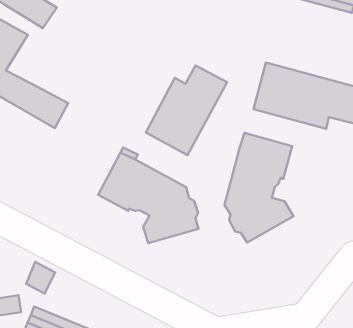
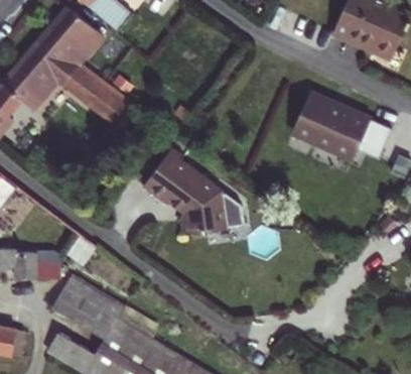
building: [146,65,227,155] -> none
building: [224,133,294,243] -> none

